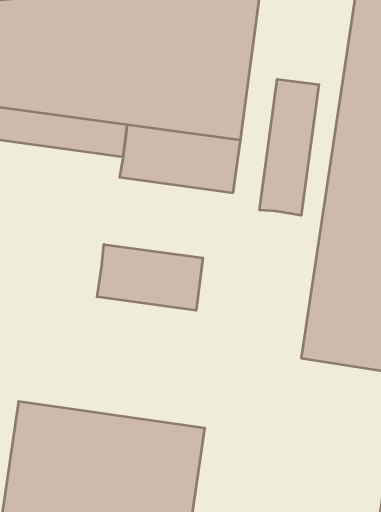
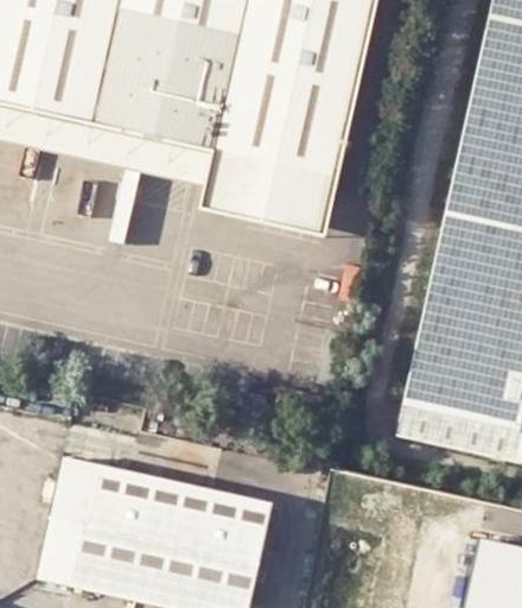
building: [260,79,319,215] -> none
building: [97,244,203,310] -> none

